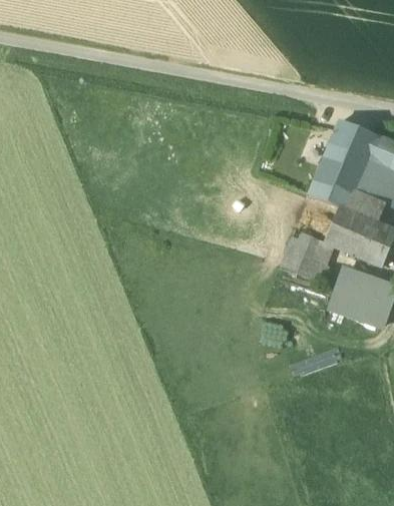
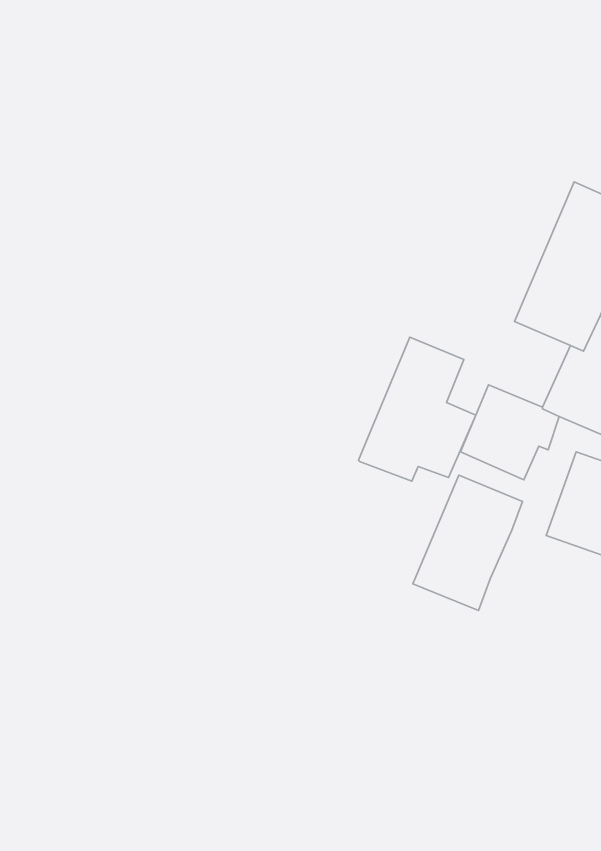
building: none -> [359,337,476,481]
building: none -> [413,475,522,610]

